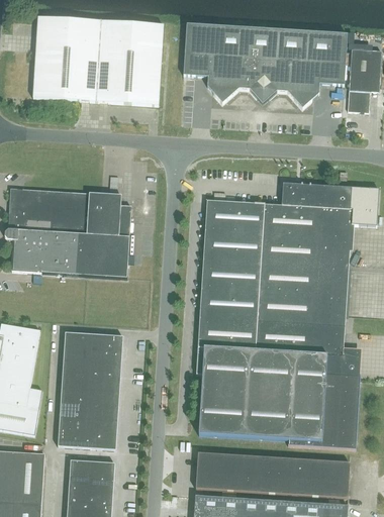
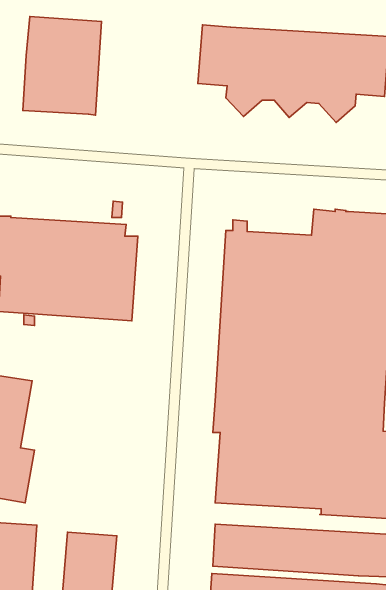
building: [95,20,164,105] -> none
building: [58,332,121,449] -> none

